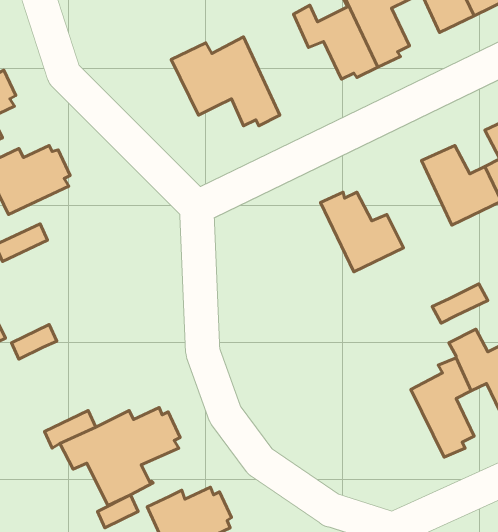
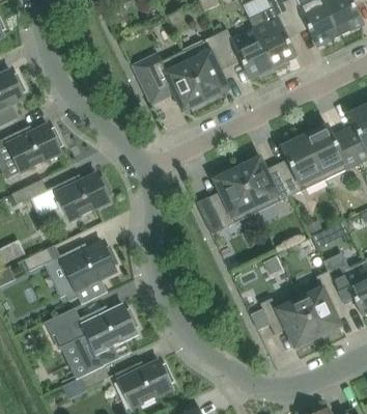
building: none -> [181,34,228,104]
building: none -> [280,135,324,195]
building: none -> [211,164,257,228]
building: none -> [53,173,112,221]
building: none -> [58,243,117,304]
building: none -> [251,293,319,348]

